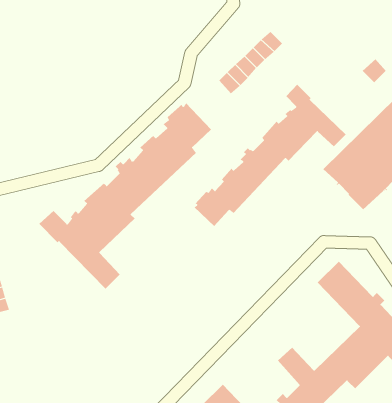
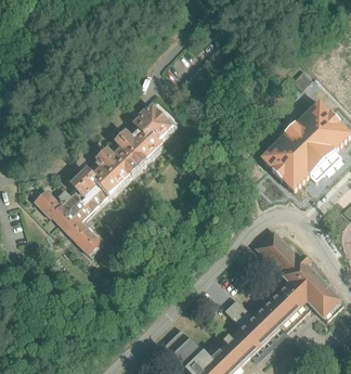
building: [193,84,347,227] -> none

